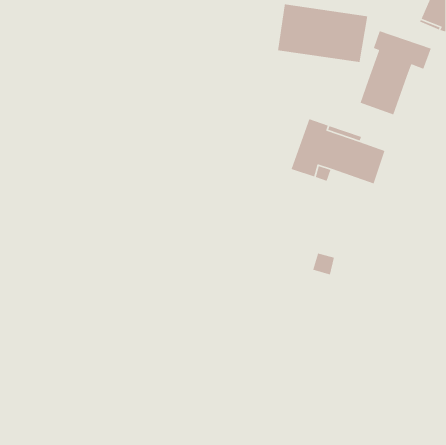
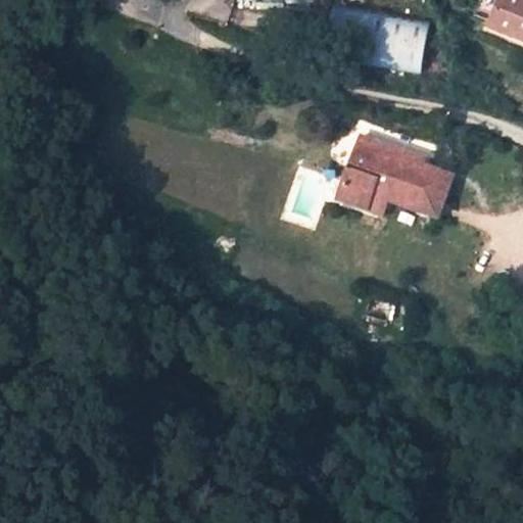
building: [360,30,432,116] -> none

